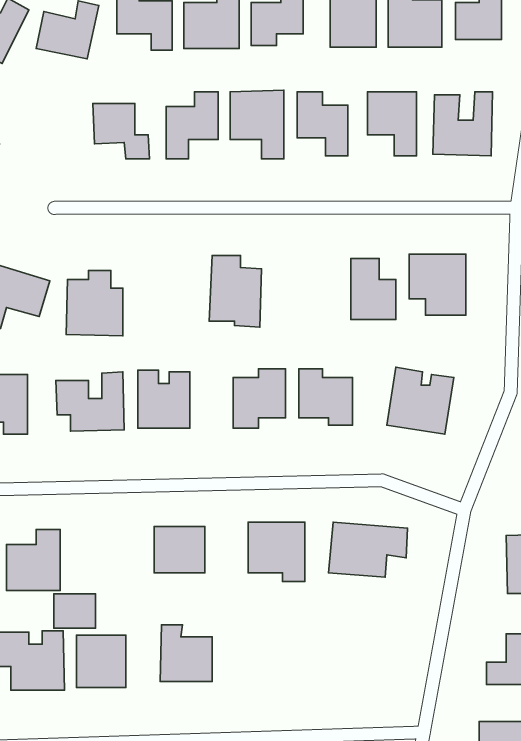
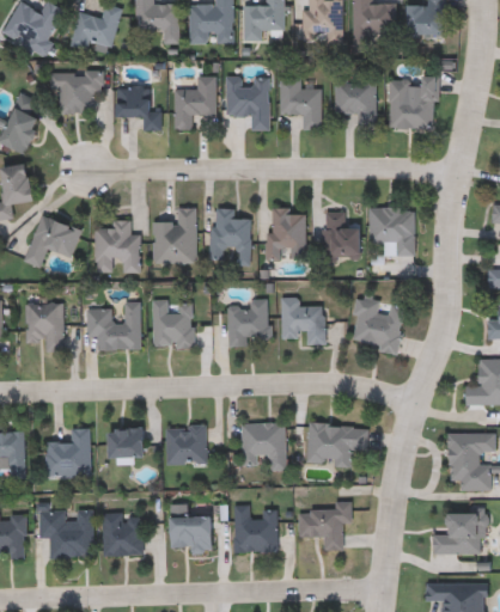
building: none -> [50,72,102,112]
building: none -> [153,208,196,263]
building: none -> [268,208,305,259]
building: [54,594,96,628] -> [109,428,142,455]
building: none -> [298,501,352,550]
building: none -> [234,504,278,551]

